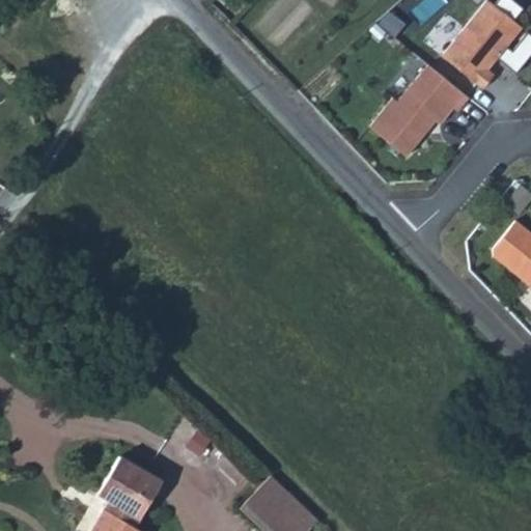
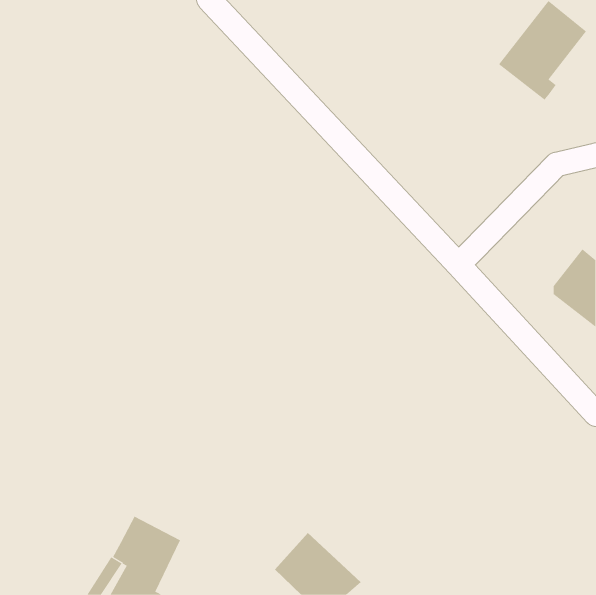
building: [370,65,469,158] -> none

